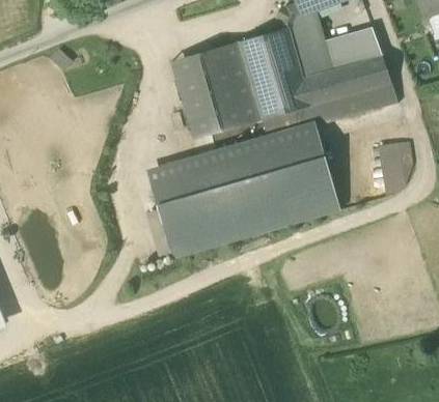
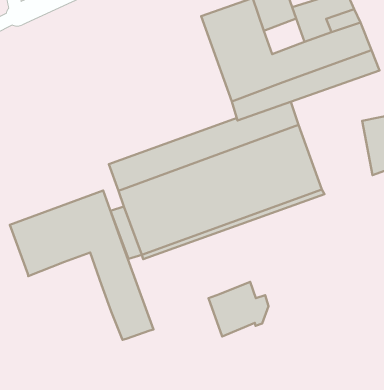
building: [171,41,262,140] -> none
building: [295,49,331,80] -> none
building: none -> [10,190,154,340]
building: none -> [208,282,268,337]

